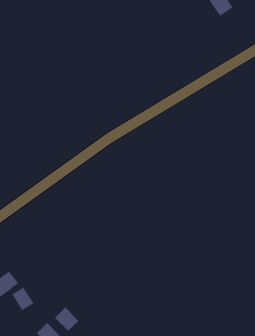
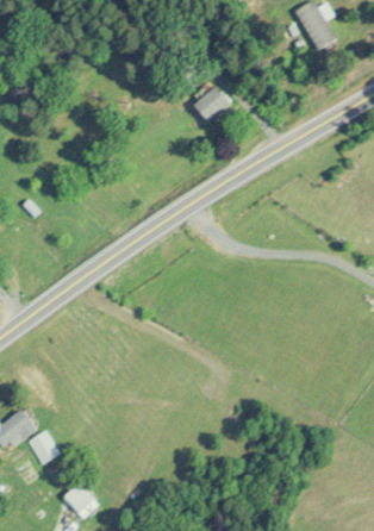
building: none -> [193,85,231,123]
building: [54,307,79,332] -> none

